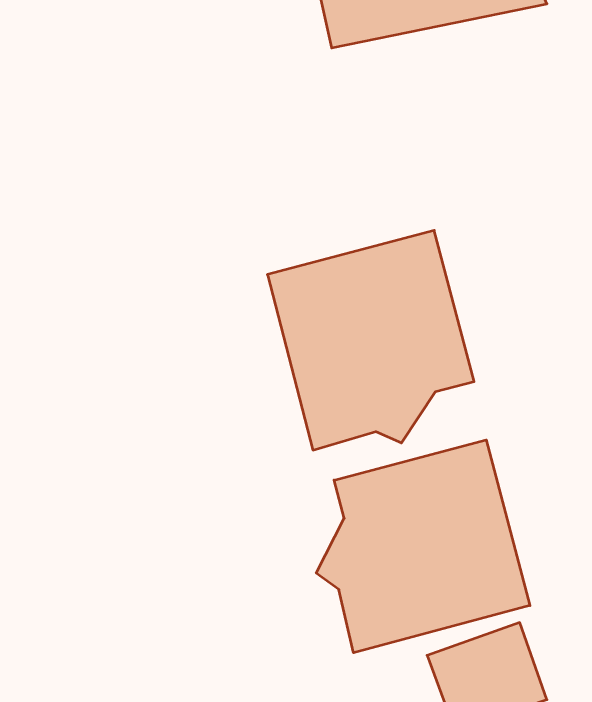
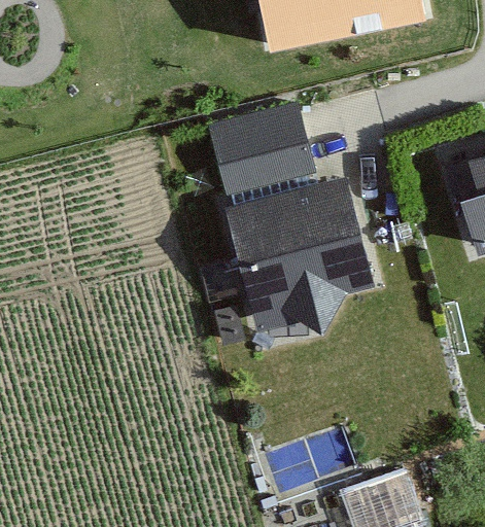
building: none -> [207,103,316,197]
building: [316,440,530,653] -> none

